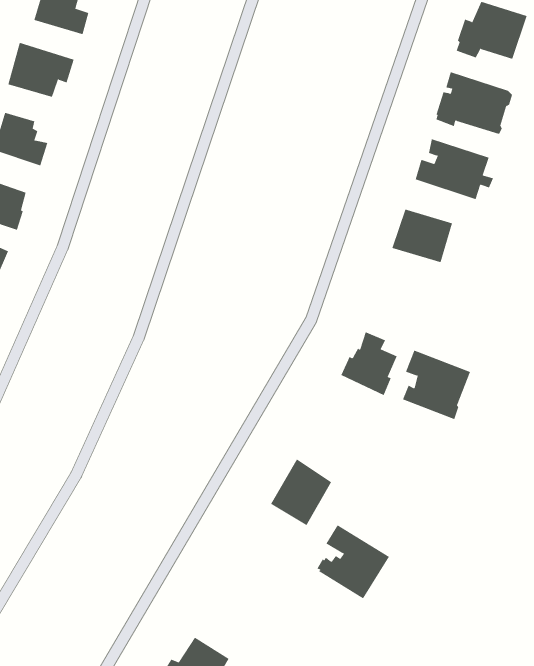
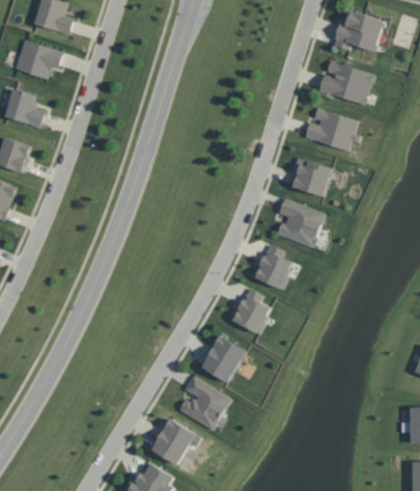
building: [402,350,471,420] -> [276,198,325,248]
building: none -> [228,289,270,335]
building: [317,525,390,599] -> [178,377,230,430]
building: none -> [151,418,201,466]

